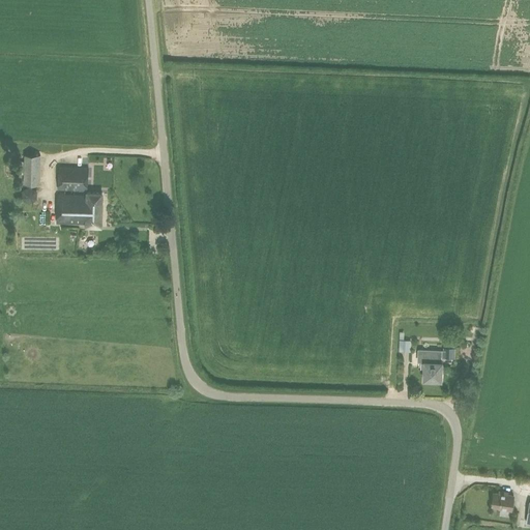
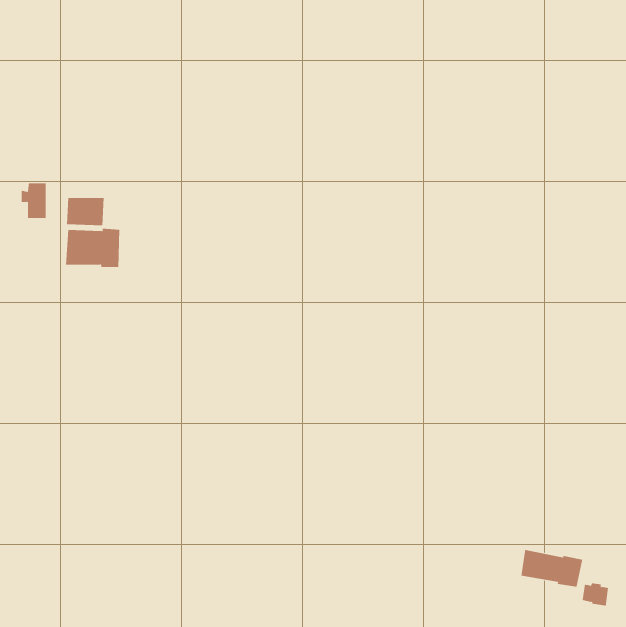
building: [416,348,454,383] -> none
building: none -> [521,549,583,587]

